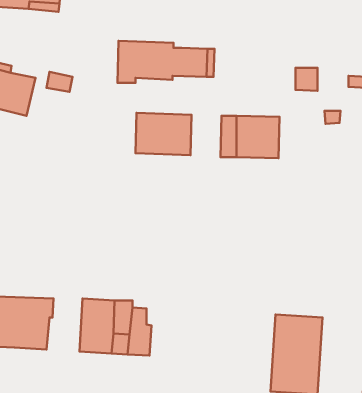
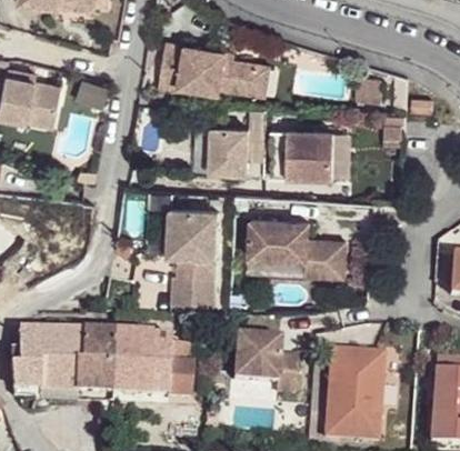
building: none -> [169,209,219,308]
building: none -> [250,220,347,280]
building: none -> [78,333,118,392]
building: none -> [234,334,298,392]

